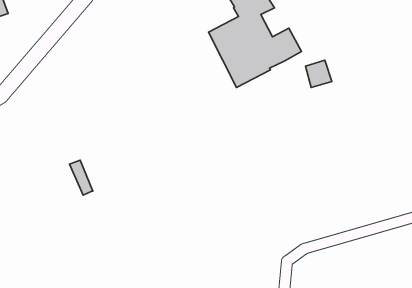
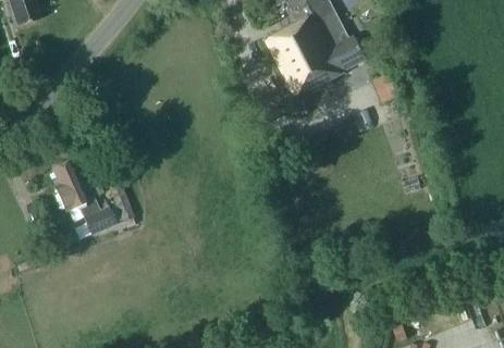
building: none -> [50,161,115,235]

